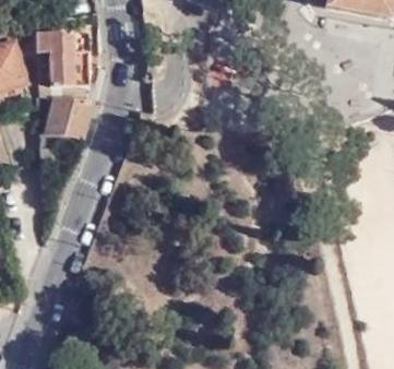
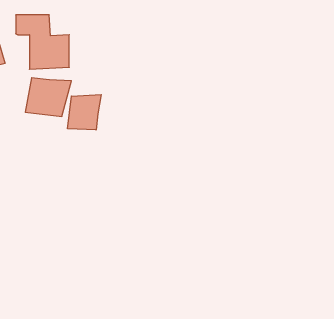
building: none -> [68,95,101,130]

